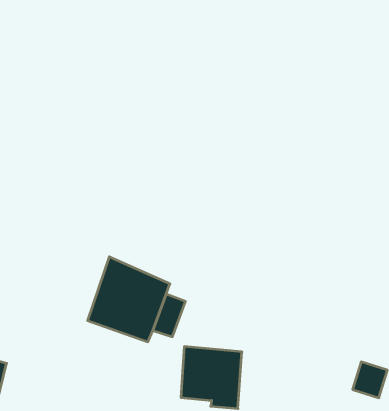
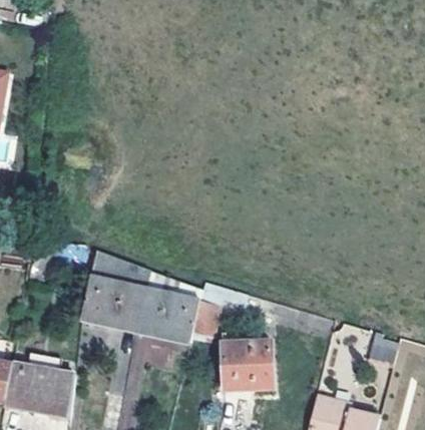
building: none -> [80,257,147,330]

